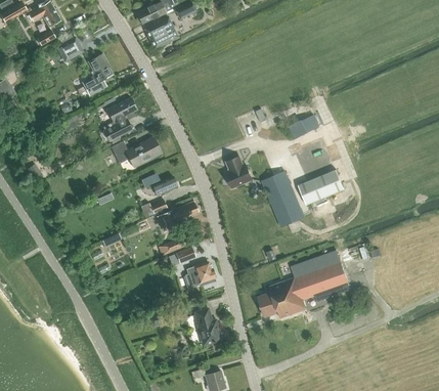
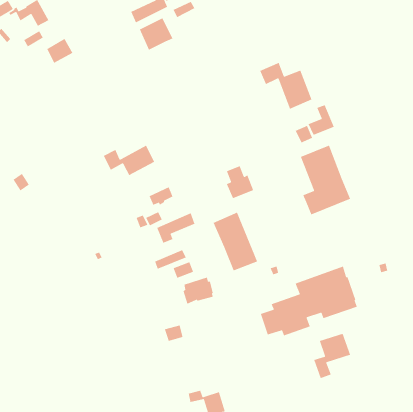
building: [78,55,113,95] -> none
building: none -> [259,62,313,110]
building: [101,96,137,140] -> none
building: [262,171,305,227] -> [212,212,258,272]
building: [194,308,221,344] -> none
building: none -> [313,333,351,379]

